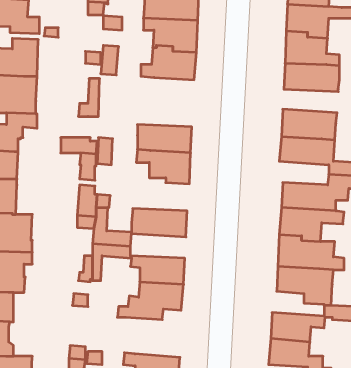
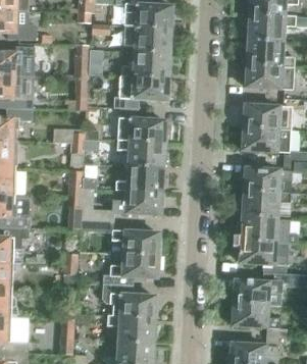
building: none -> [113,75,168,108]
building: none -> [115,163,164,192]
building: none -> [102,283,157,318]

